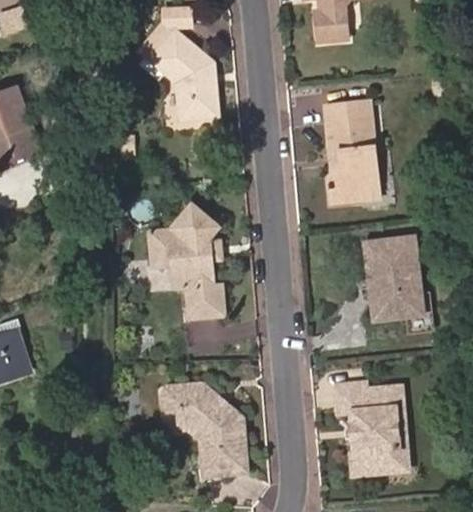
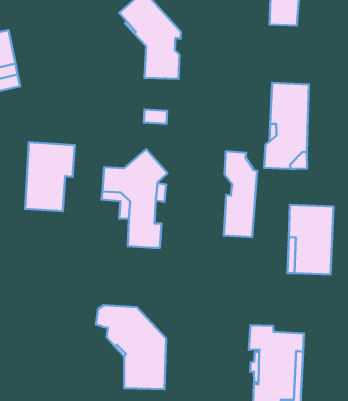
building: none -> [224,151,257,237]
building: none -> [25,142,75,211]

